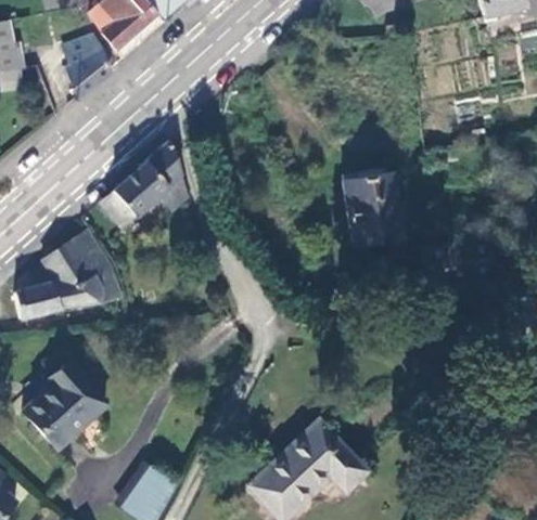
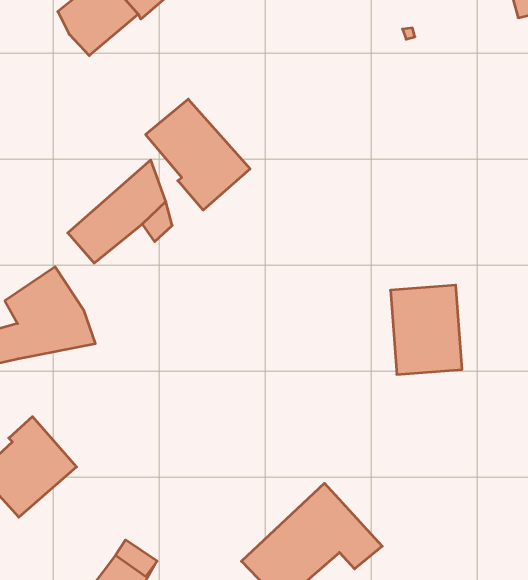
building: [65,35,111,95] -> none
building: none -> [146,99,250,210]
building: [345,169,407,246] -> [390,285,462,374]

